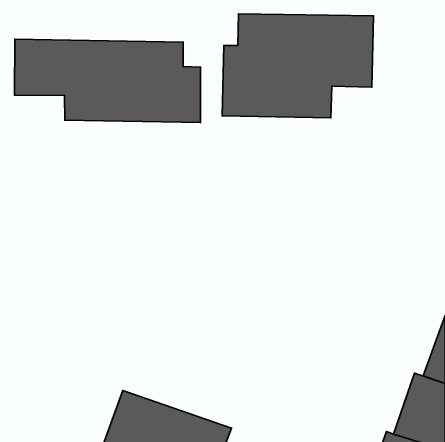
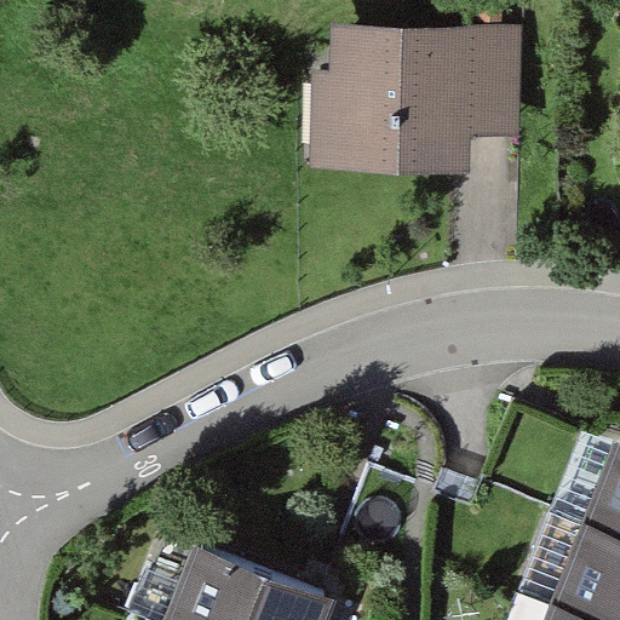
building: [15,39,201,122] -> none

